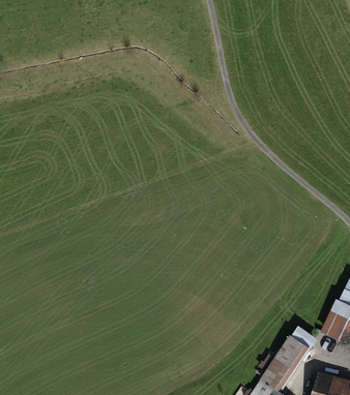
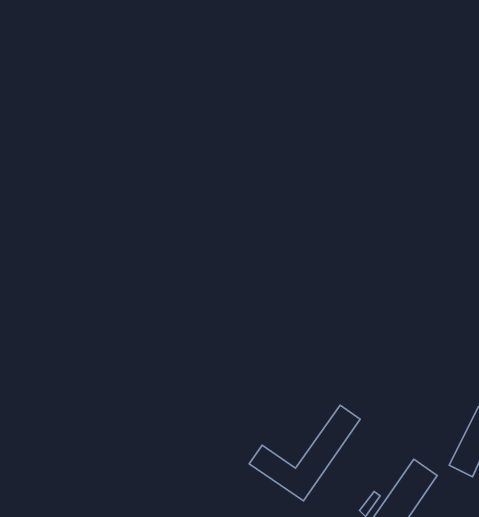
building: none -> [249,405,360,501]

